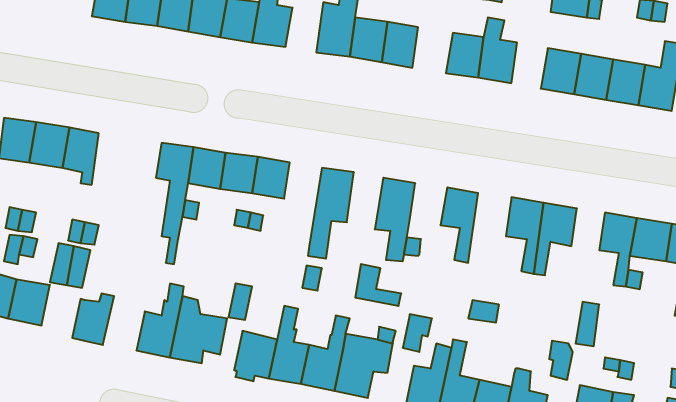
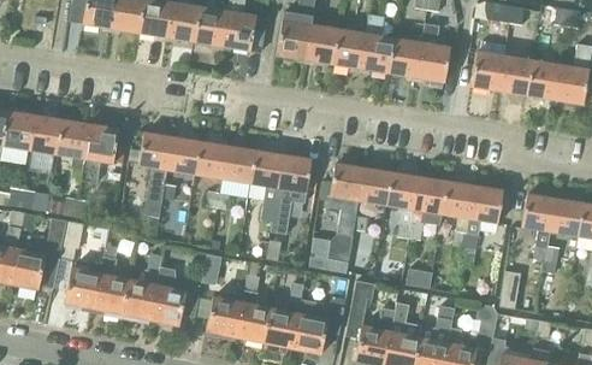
building: none -> [360,14,395,72]
building: none -> [82,124,119,182]
building: none -> [249,149,282,222]
building: none -> [357,167,390,204]
building: none -> [408,176,445,237]
building: none -> [93,241,129,312]

